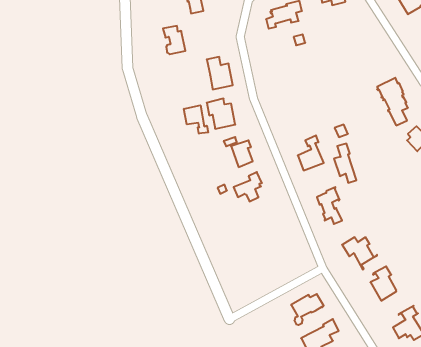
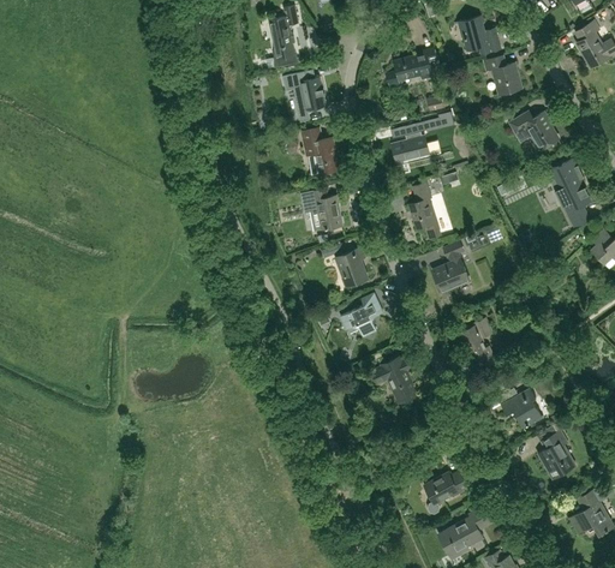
building: none -> [484,55,523,96]
building: [163,26,185,54] -> [293,70,326,110]
building: none -> [509,112,561,148]
building: none -> [392,122,430,162]
building: [184,105,208,134] -> none
building: [334,144,356,183] -> [408,183,441,239]
building: none -> [371,357,418,403]

